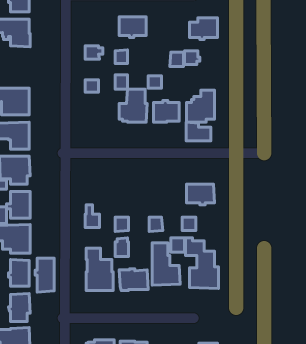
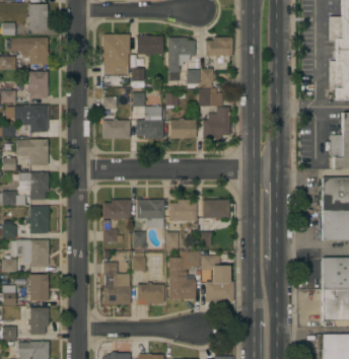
building: none -> [103,34,130,55]
building: none -> [168,38,196,71]
building: none -> [28,71,49,98]
building: none -> [103,119,131,139]
building: [186,122,211,141] -> [199,88,223,106]
building: none -> [103,200,131,221]
building: none -> [137,200,164,227]
building: none -> [169,200,197,221]
building: [35,258,54,292] -> none

